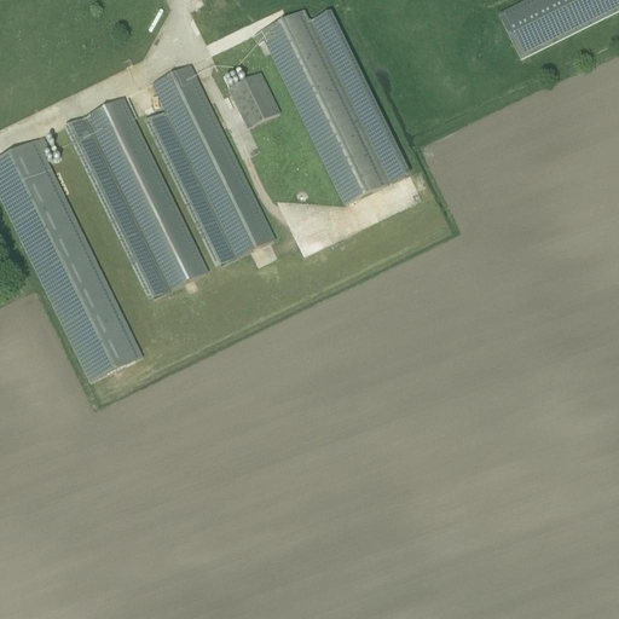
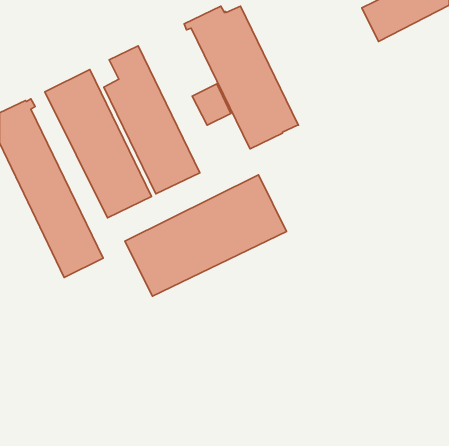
building: [226,70,279,127] -> [192,84,231,125]
building: none -> [125,175,286,296]

